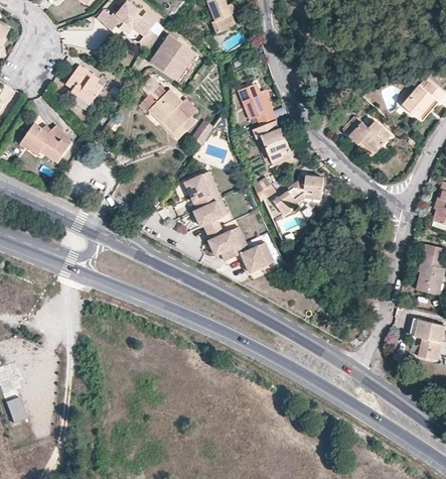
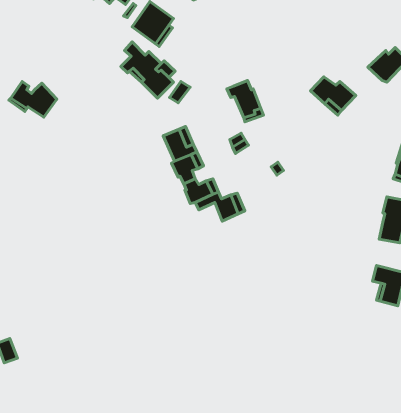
building: [64,66,102,105] -> none
building: [238,84,275,126] -> none
building: [272,176,323,215] -> none

